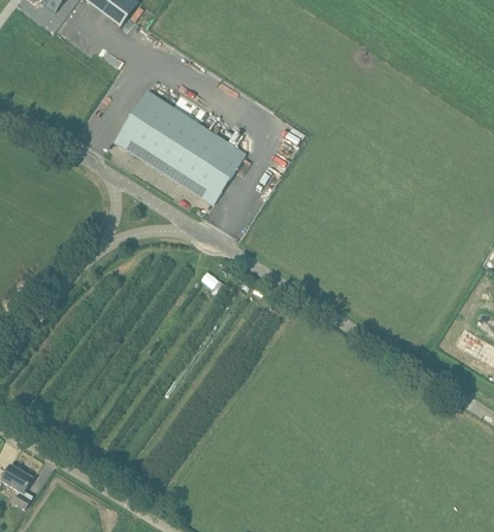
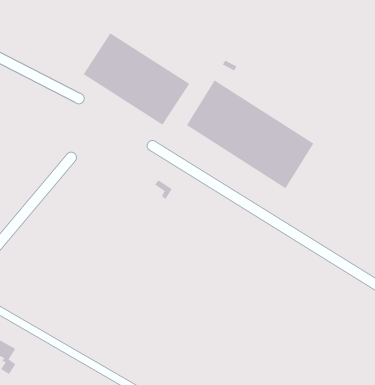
building: none -> [186,80,314,189]

